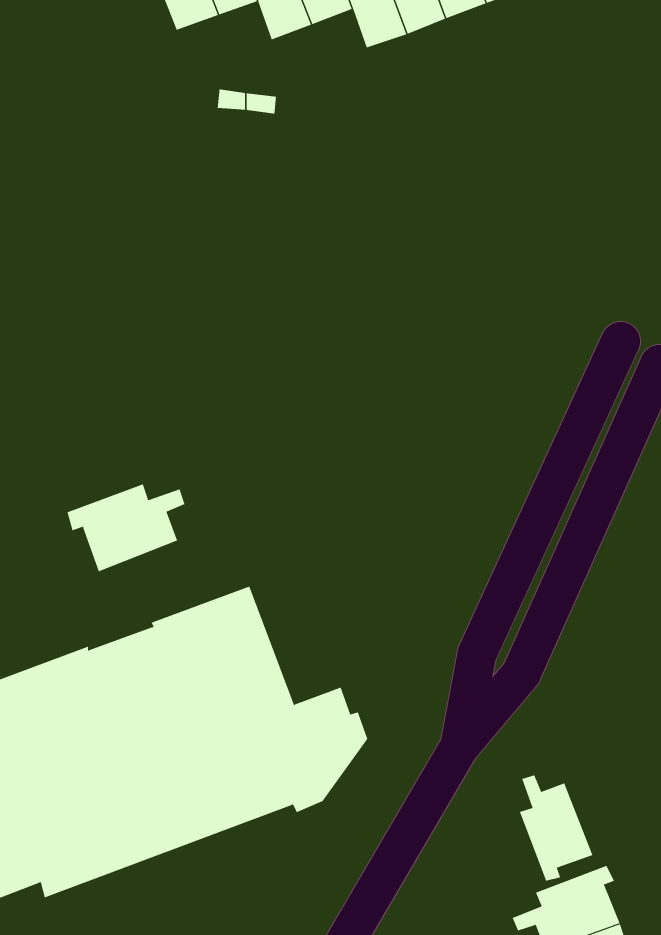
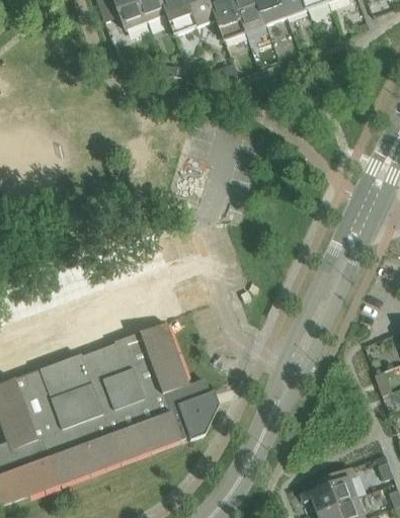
building: [67,484,185,572] -> none
building: [519,774,593,882] -> none

